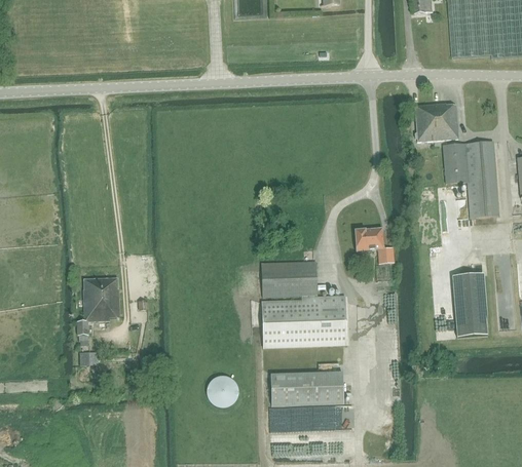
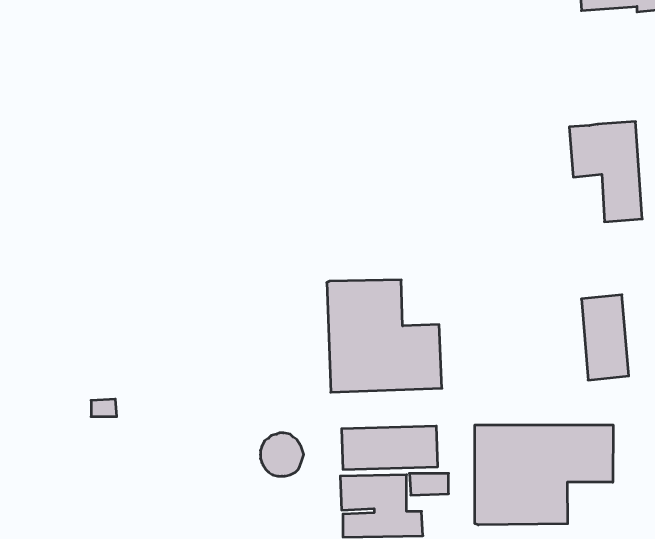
building: [414,104,458,141] -> none
building: [355,227,394,263] -> none
building: [77,277,119,340] -> none
building: none -> [475,425,613,525]

